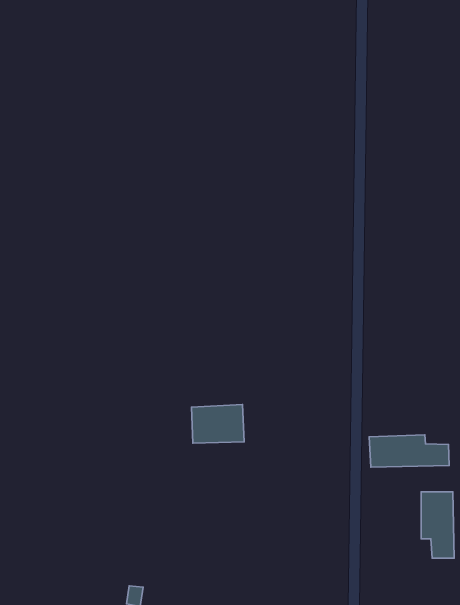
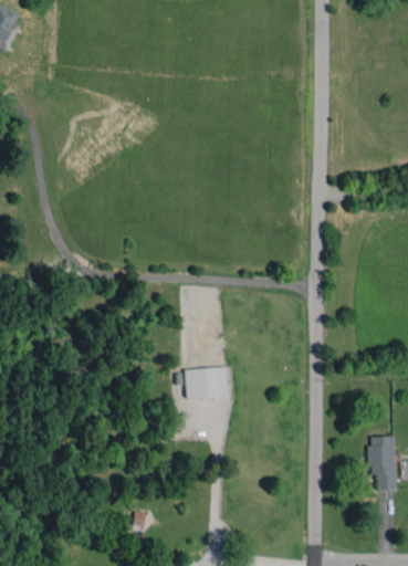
building: [369,435,449,467] -> none

